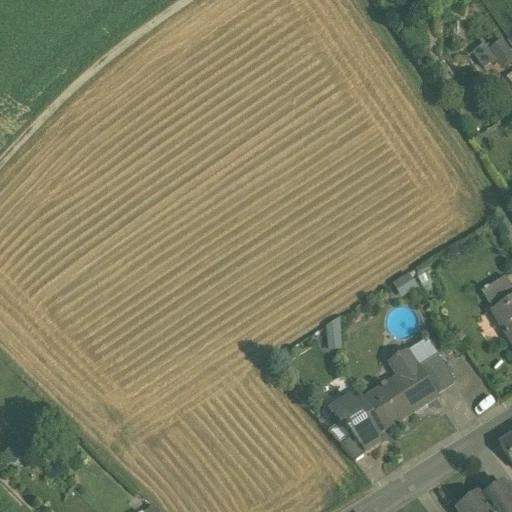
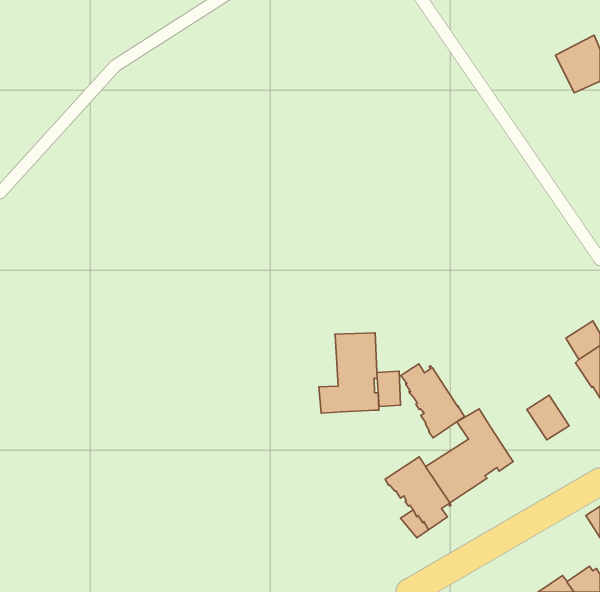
building: none -> [319,333,379,413]
building: none -> [401,364,464,438]
building: [418,352,454,390] -> [527,395,569,440]

